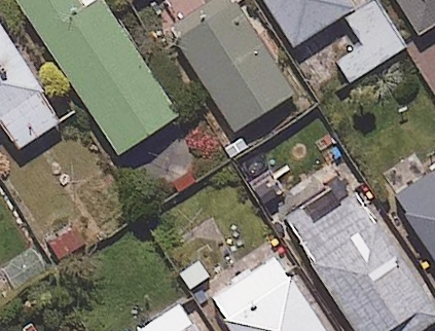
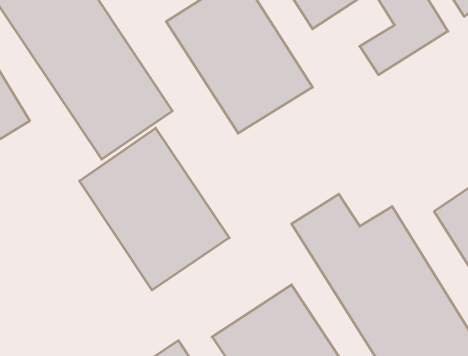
building: none -> [80,128,229,290]

